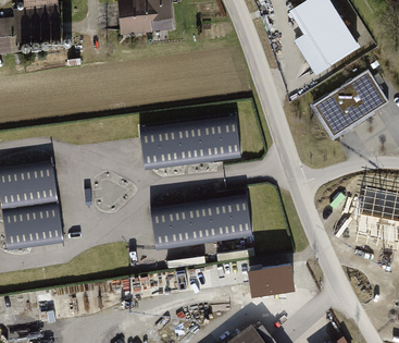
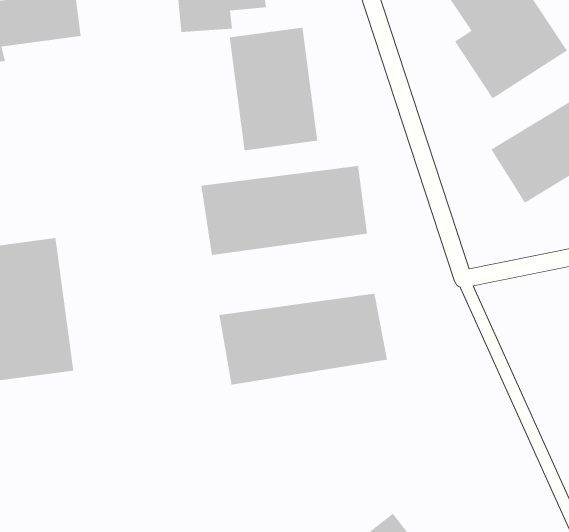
building: none -> [229,27,318,151]
building: [245,265,294,301] -> none

